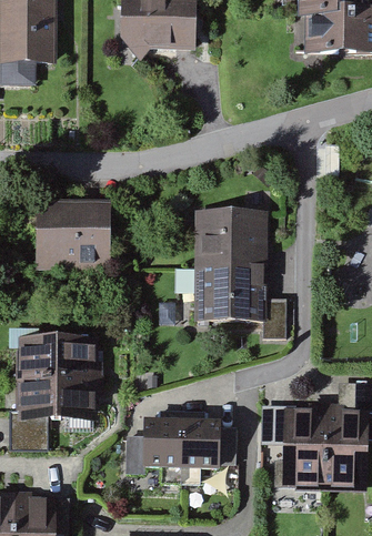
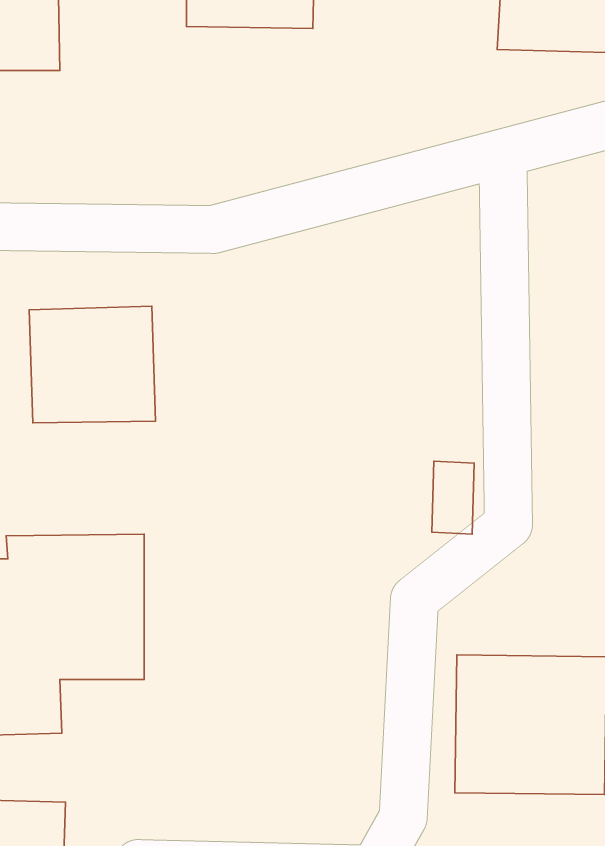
building: [193,208,263,322] -> none
building: [129,412,238,468] -> none

